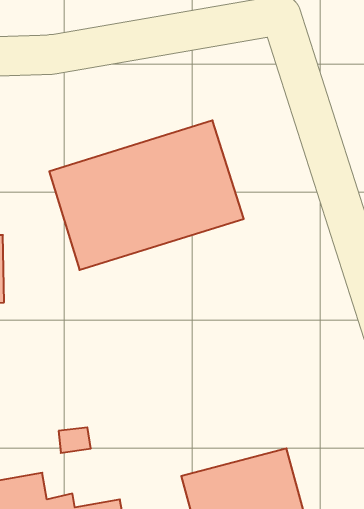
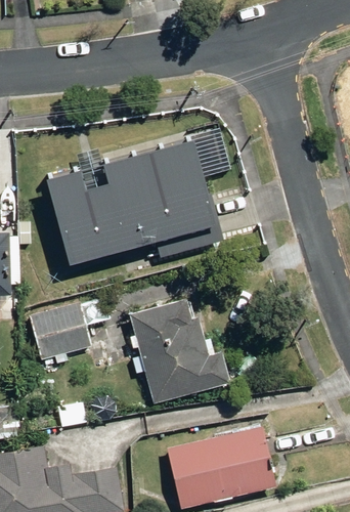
building: none -> [28,297,112,364]
building: none -> [130,299,230,408]

